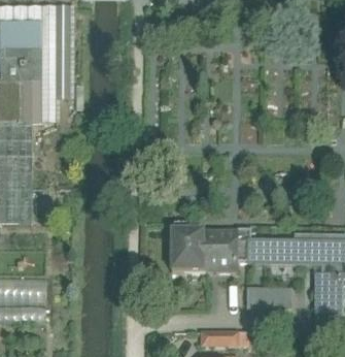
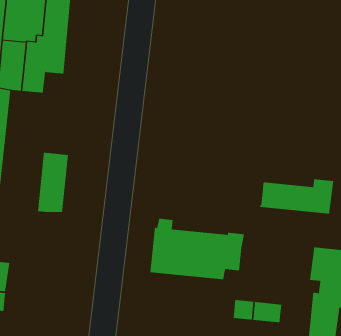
building: none -> [37,152,68,213]
building: [248,234,312,264] -> [259,179,334,214]

